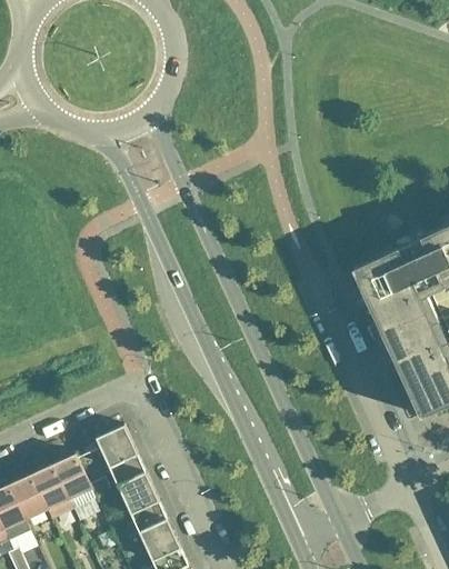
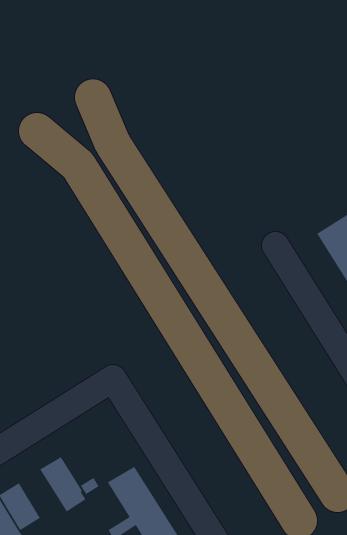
building: [96,426,138,469] -> none
building: [31,465,73,520] -> none

